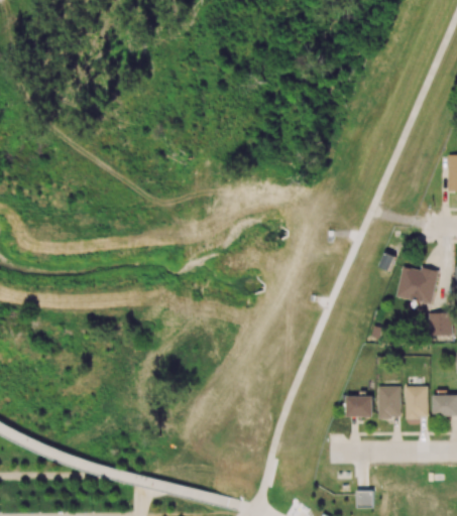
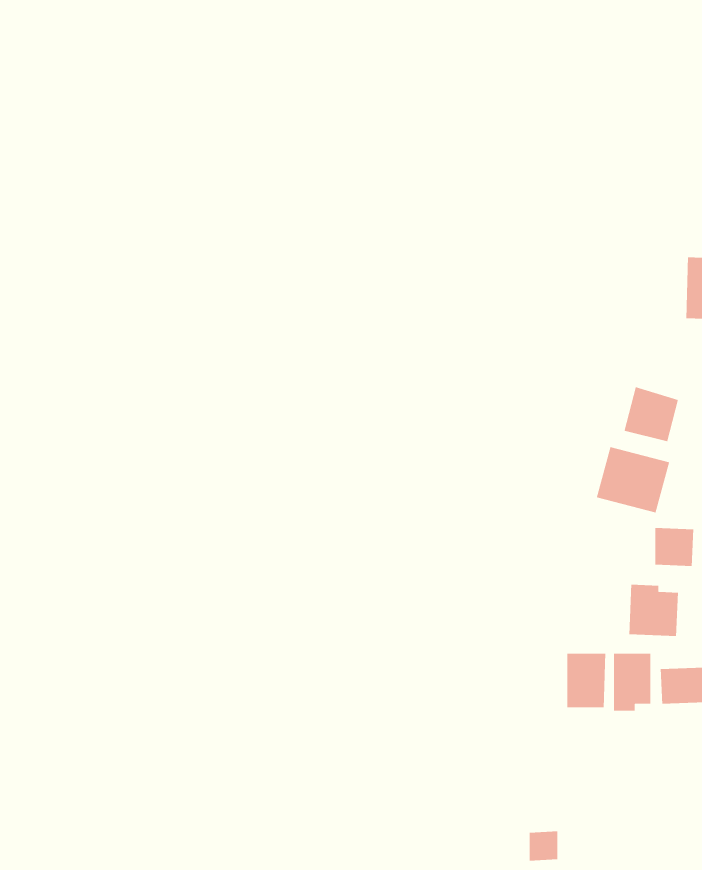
building: none -> [624,386,679,442]
building: none -> [628,584,679,637]
building: [345,395,372,416] -> none

